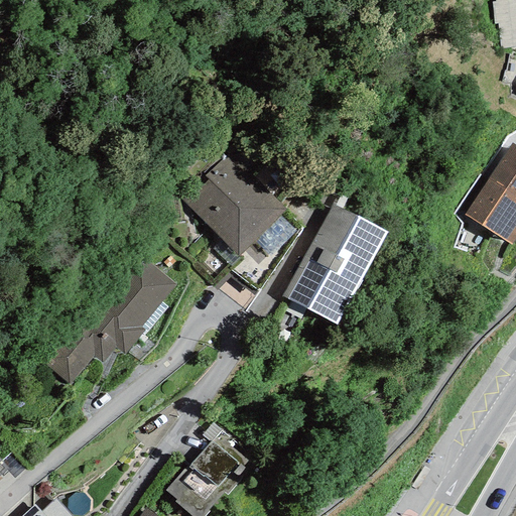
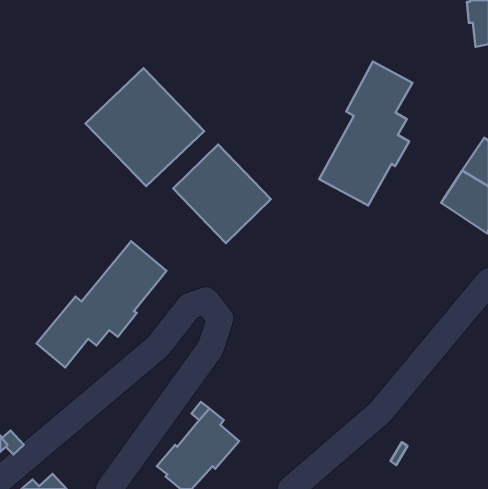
building: none -> [319,61,413,206]
building: none -> [86,68,204,186]
building: [284,205,387,325] -> none

